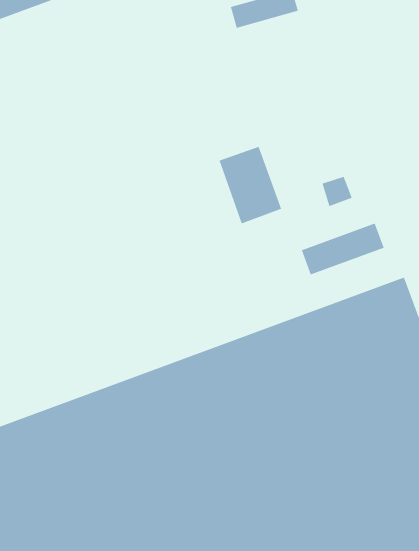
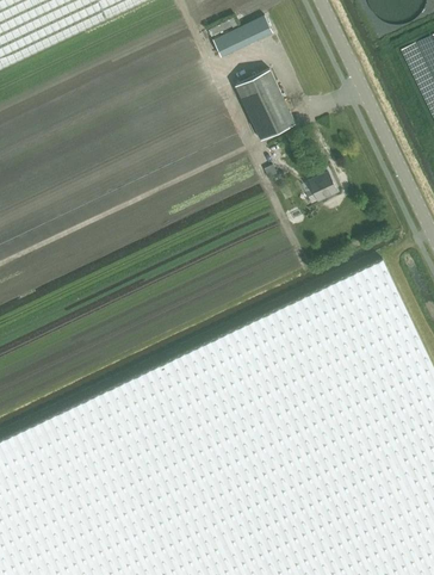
building: [218,146,282,225] -> [235,70,294,141]
building: [301,223,385,276] -> none

